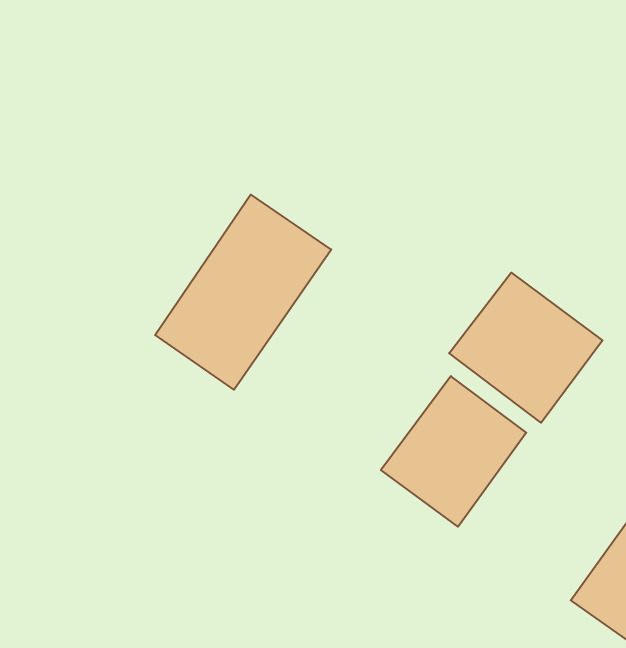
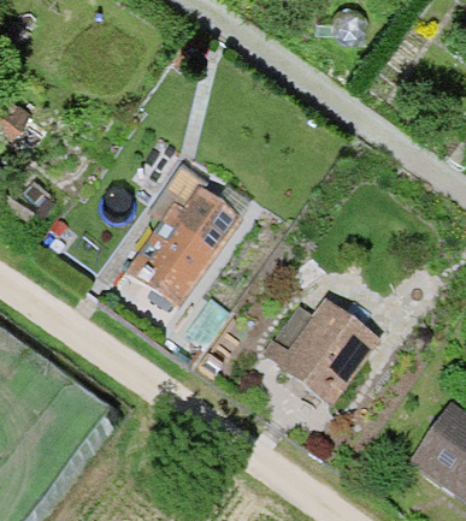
building: [449,273,603,423] -> none

